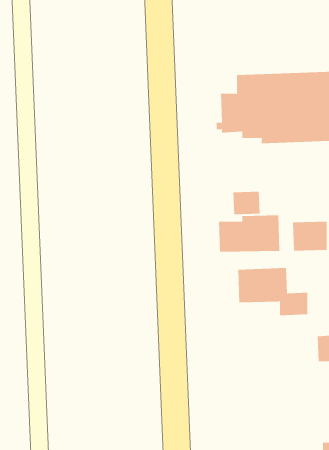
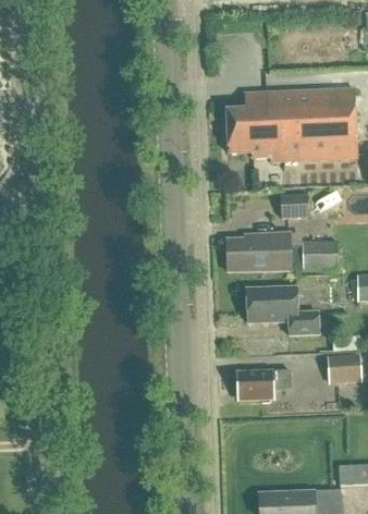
building: [233,191,260,215] -> [280,194,308,218]
building: none -> [237,369,291,400]

